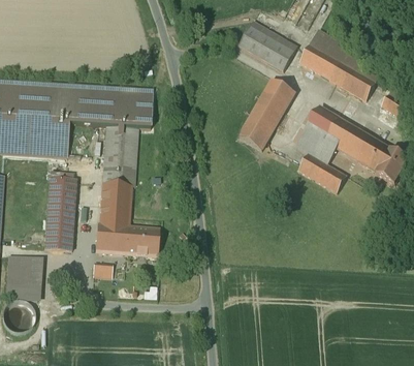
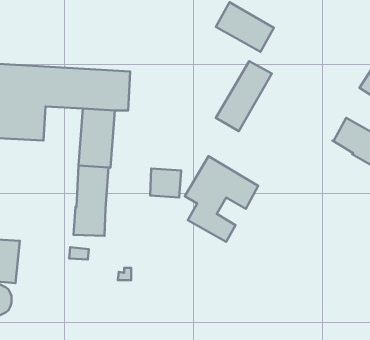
building: [300,32,383,98] -> none
building: [296,105,370,191] -> [185,156,258,242]
building: [44,180,76,250] -> none
building: [128,226,159,255] -> [150,169,181,198]

